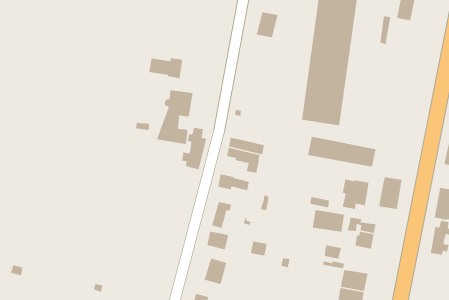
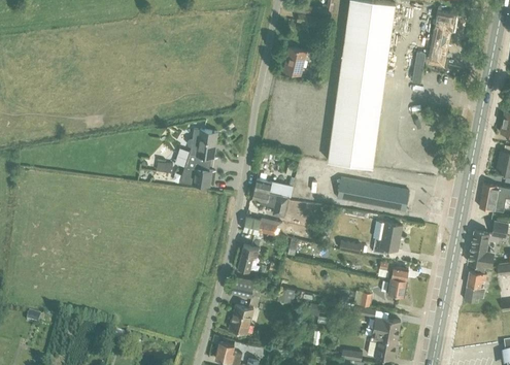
building: [148,57,183,79] -> none
building: [181,127,207,170] -> none
building: [378,177,403,210] -> none
building: [312,209,345,232] -> none

